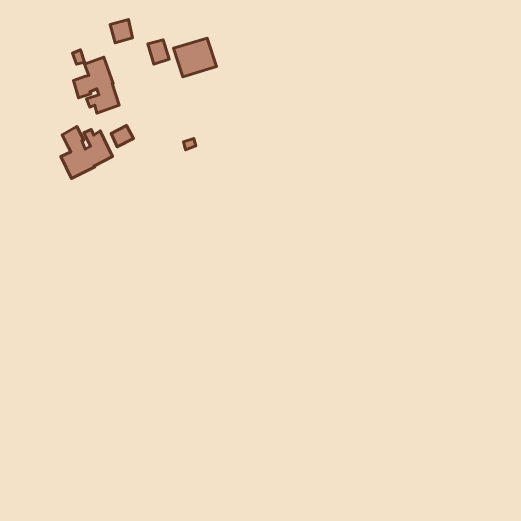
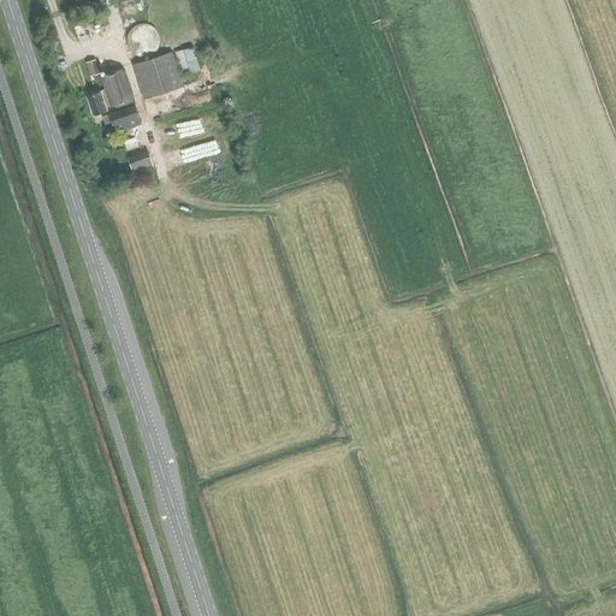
building: [174,38,216,77] -> [132,53,183,99]
building: [61,126,113,179] -> none

